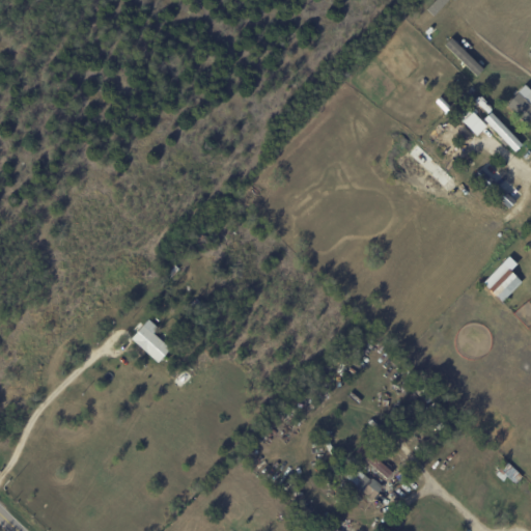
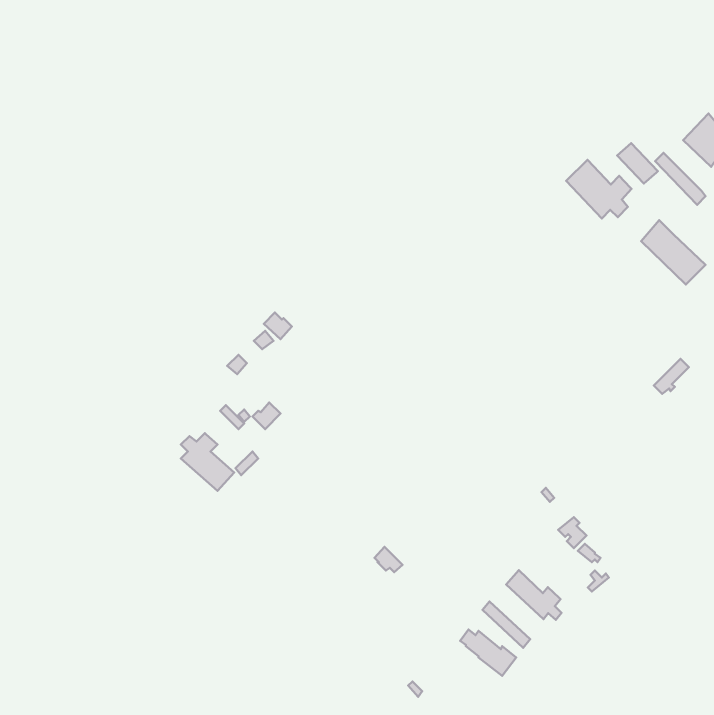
building: none -> [566,160,632,219]
building: none -> [506,570,562,620]

